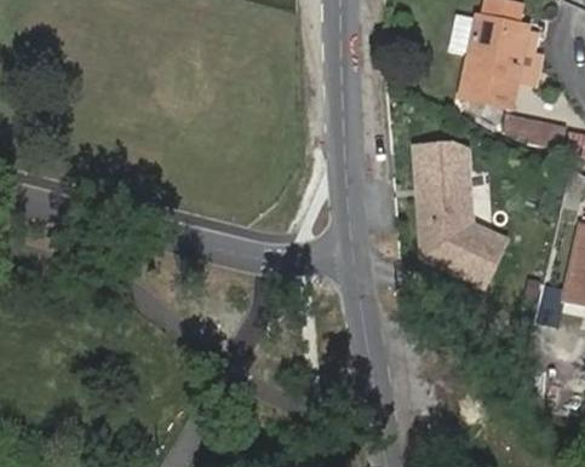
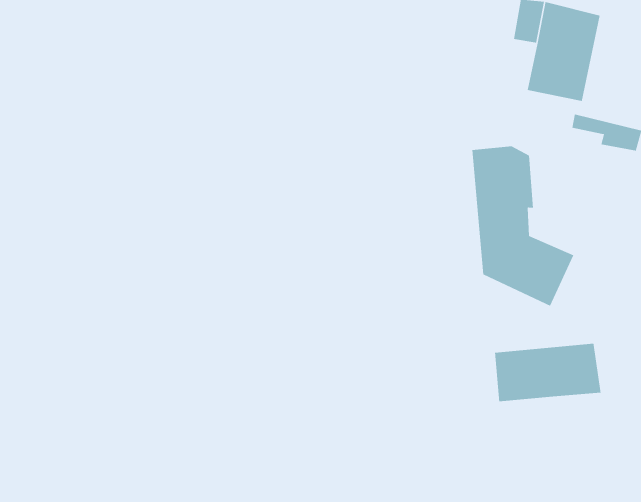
building: none -> [495,343,601,402]

